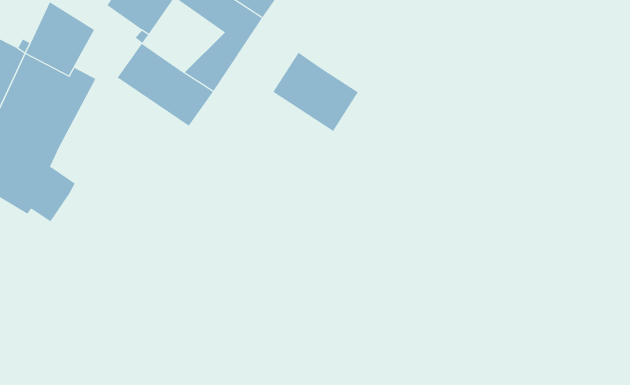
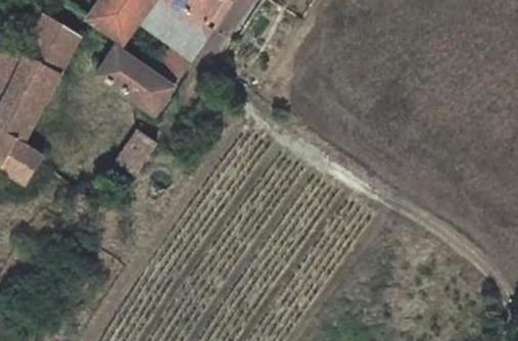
building: [273,52,359,132] -> none
building: none -> [116,130,155,172]

